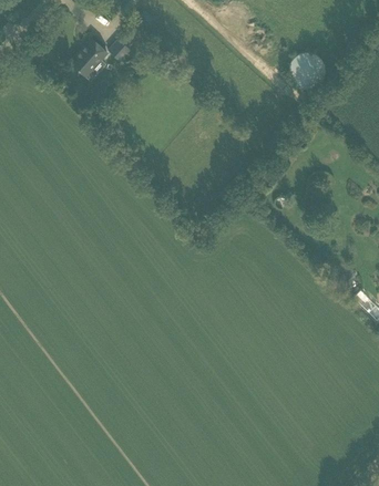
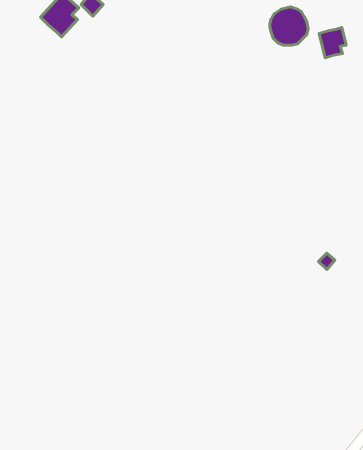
building: none -> [319,28,346,58]

